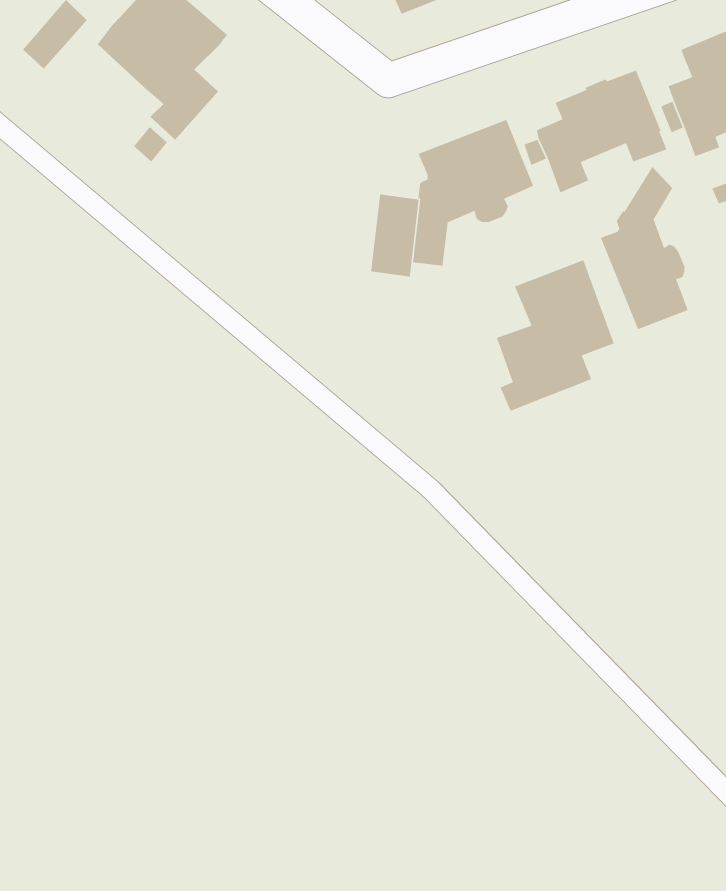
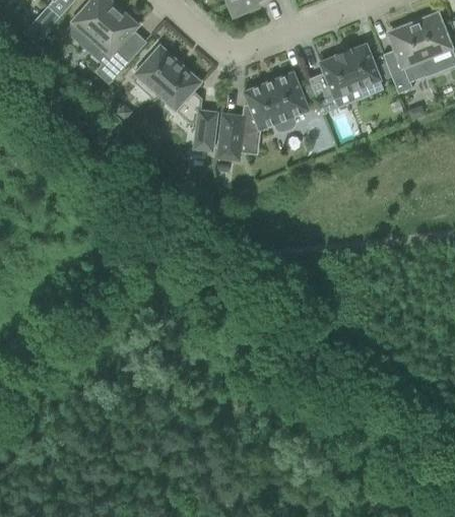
building: none -> [135,45,218,149]
building: [600,166,689,330] -> none
building: [496,259,615,412] -> none

